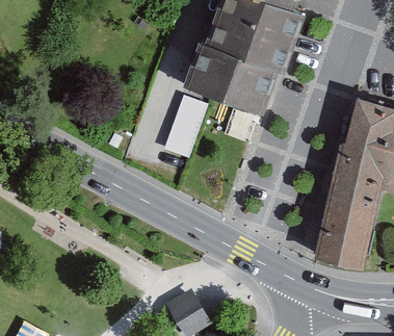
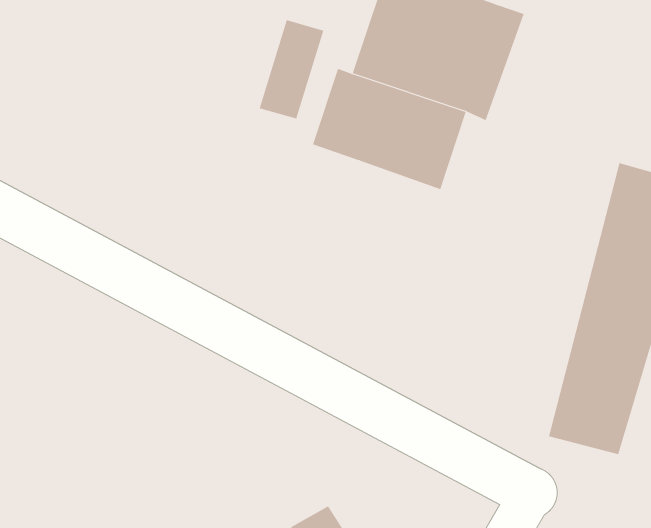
building: [166,98,204,155] -> [259,19,324,119]

